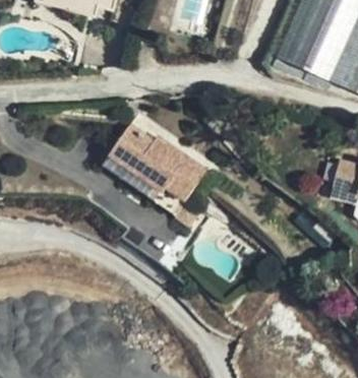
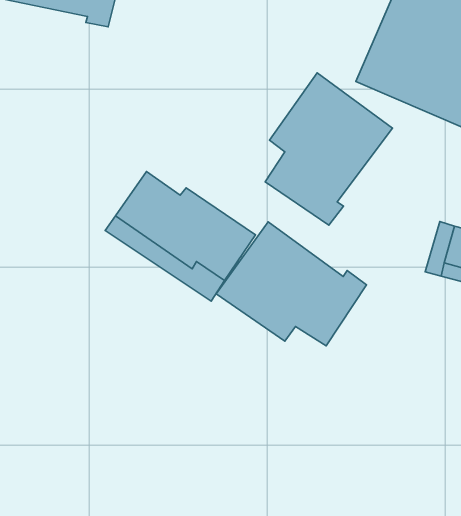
building: none -> [265,73,392,225]
building: none -> [216,222,367,346]

